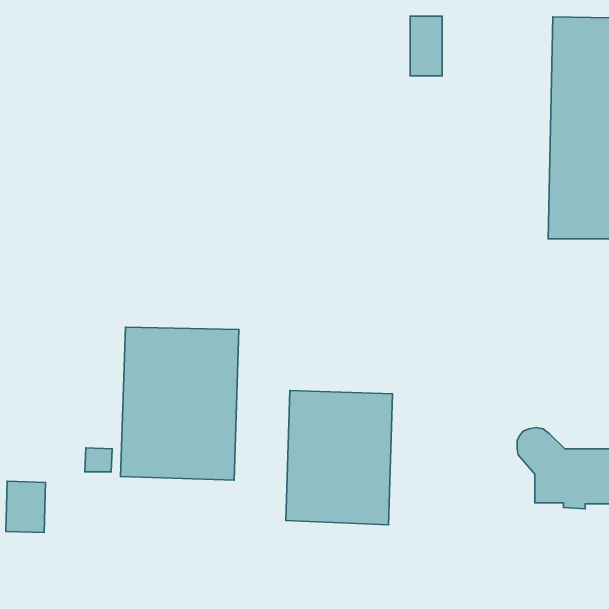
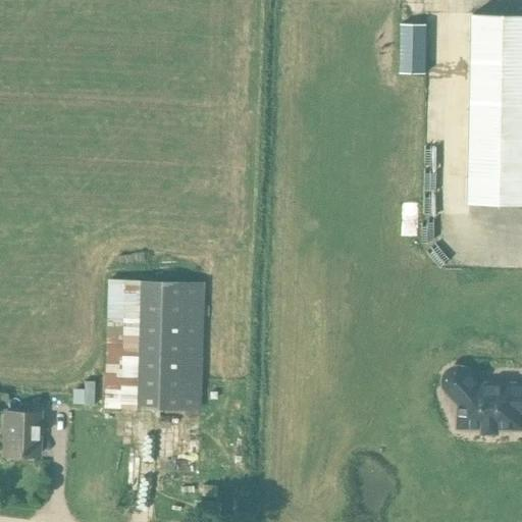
building: [410,16,442,76] -> [399,23,426,74]
building: [286,391,393,525] -> none

